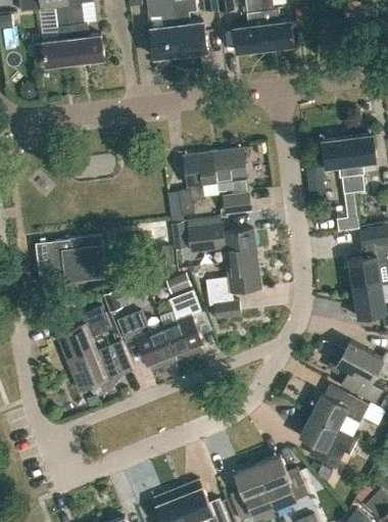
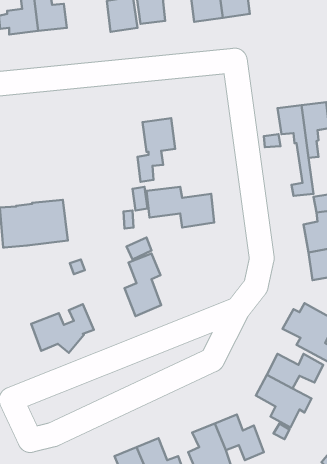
building: [212,148,252,215] -> none
building: [205,258,260,319] -> none
building: [57,305,111,363] -> none
building: [116,310,176,366] -> none

